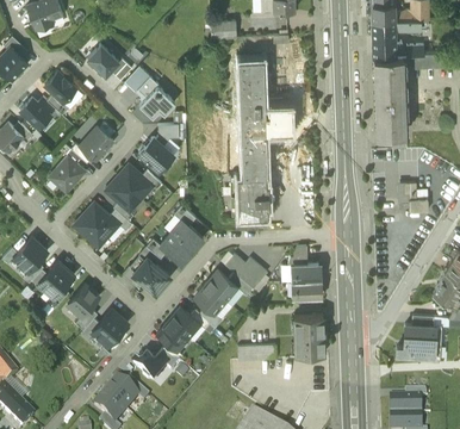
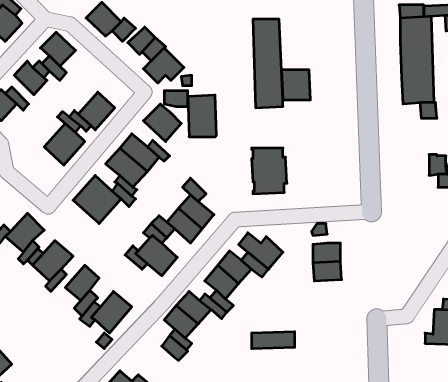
building: [242,137,268,175] -> [188,95,216,137]
building: [294,313,325,353] -> none
building: [135,349,167,381] -> none

